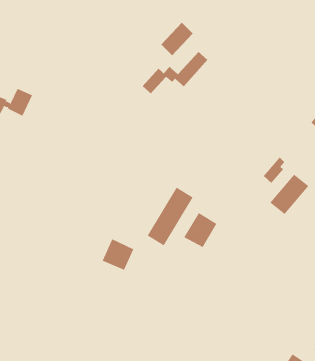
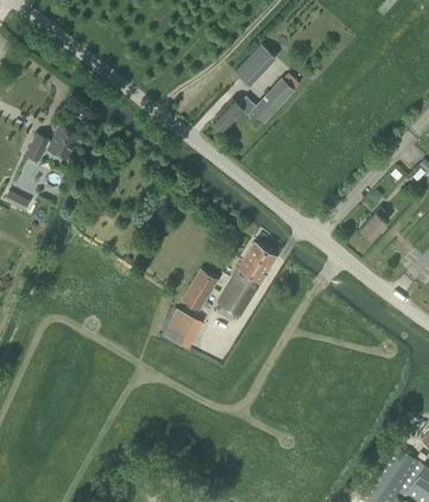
building: [270,174,309,215] -> none
building: none -> [182,271,217,311]
building: [184,212,217,248] -> none

